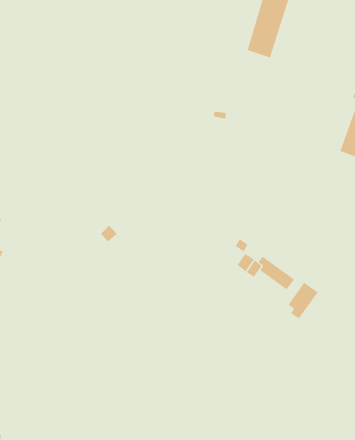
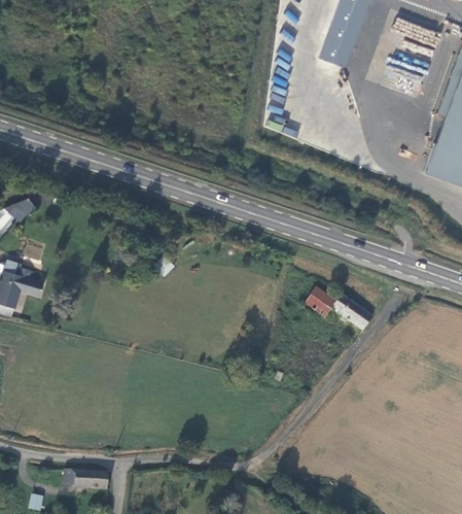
building: [288,282,318,319] -> none
building: none -> [65,471,107,491]

